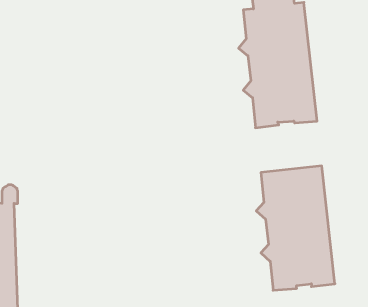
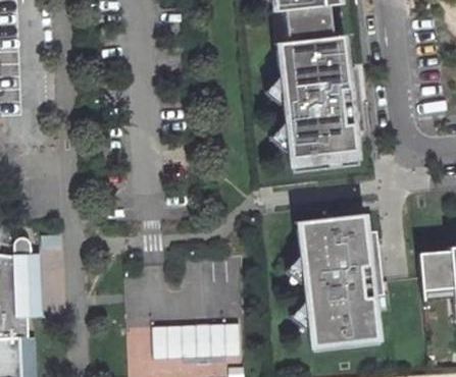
building: none -> [156,324,245,360]

